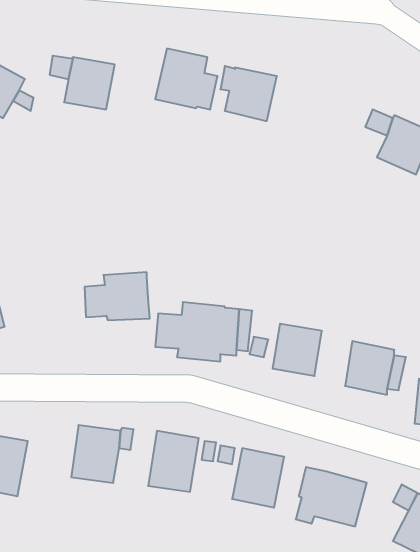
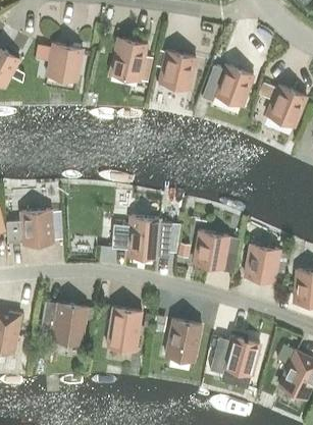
building: none -> [202,63,254,105]
building: [85,272,150,320] -> [7,210,53,244]

